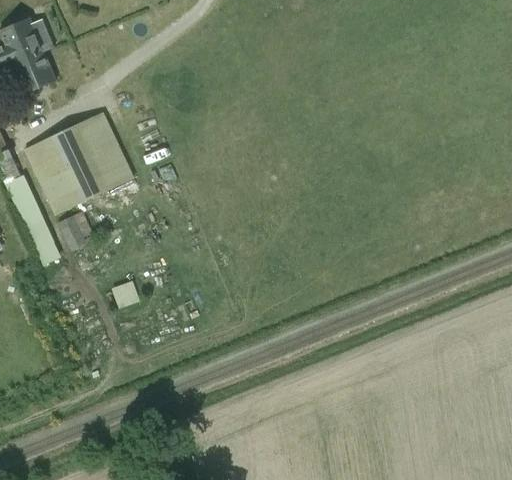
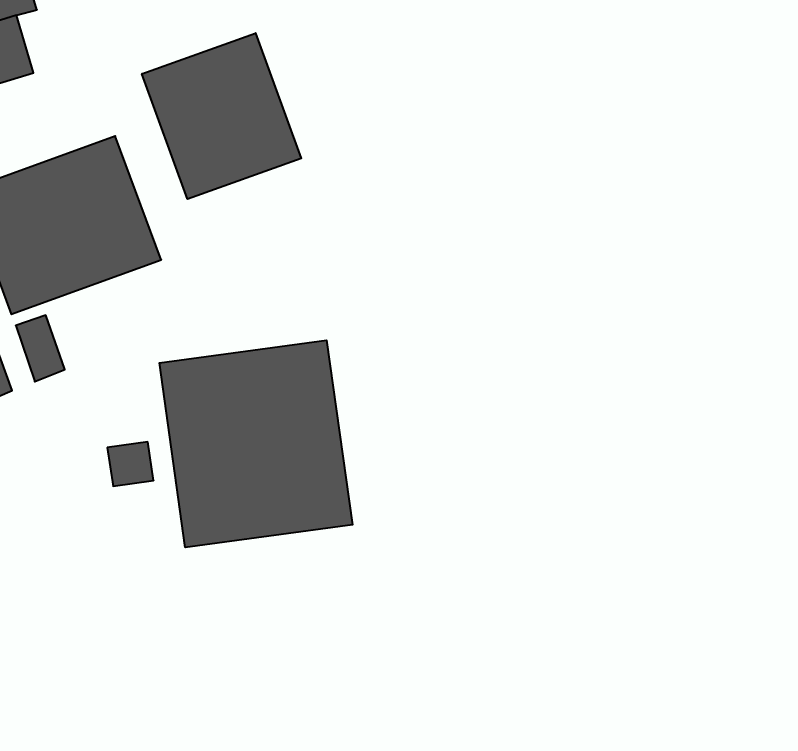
building: none -> [142,33,301,199]
building: none -> [159,340,353,547]

